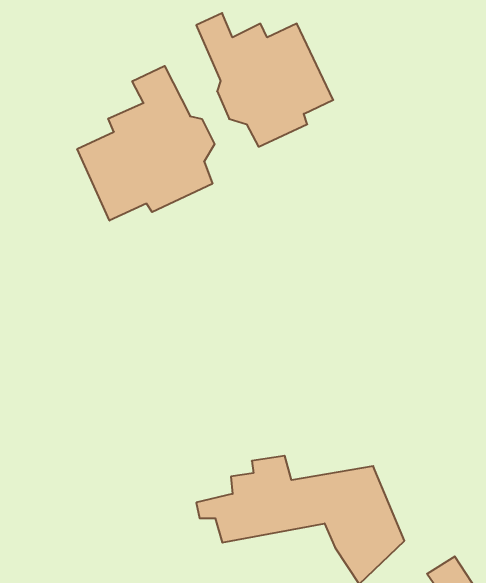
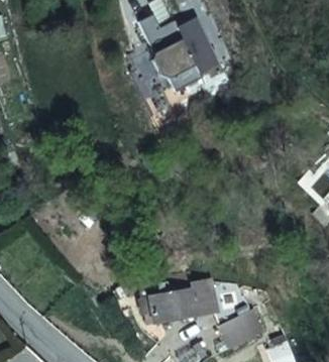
building: [77,66,215,221] -> none

